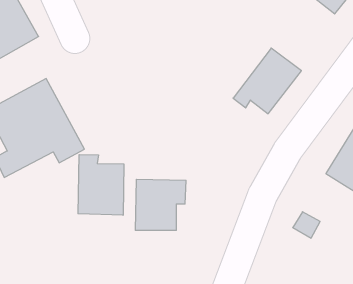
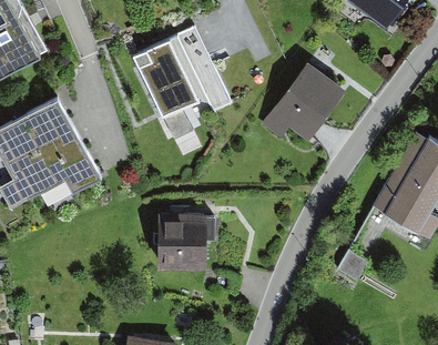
building: none -> [131,27,227,139]
building: [78,155,124,215] -> none

